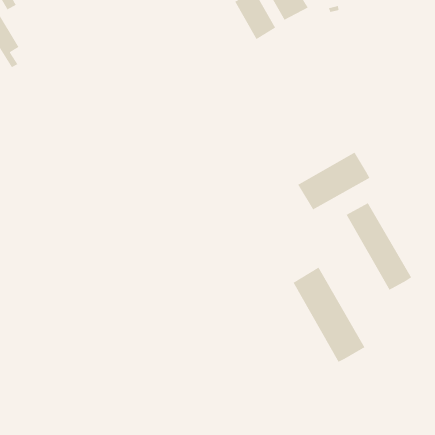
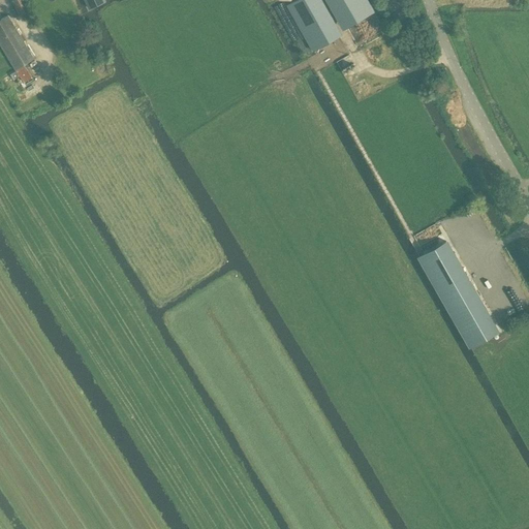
building: [297,151,370,211] -> none
building: [292,266,365,363] -> none

